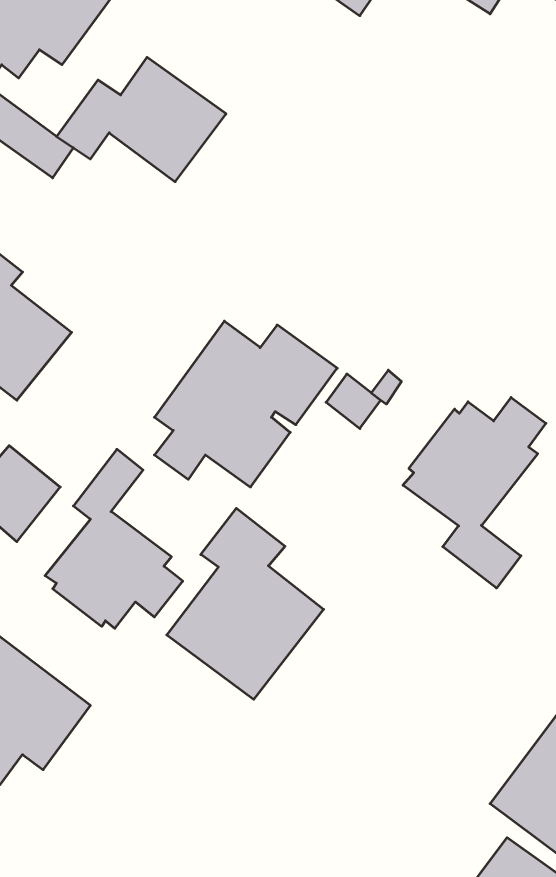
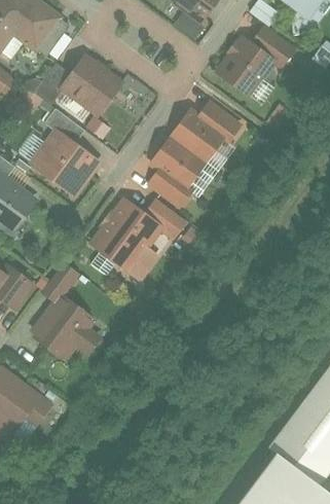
building: none -> [211,24,299,108]
building: none -> [145,98,243,207]
building: none -> [22,106,102,203]
building: [403,397,546,588] -> none
building: [167,508,324,699] -> none

